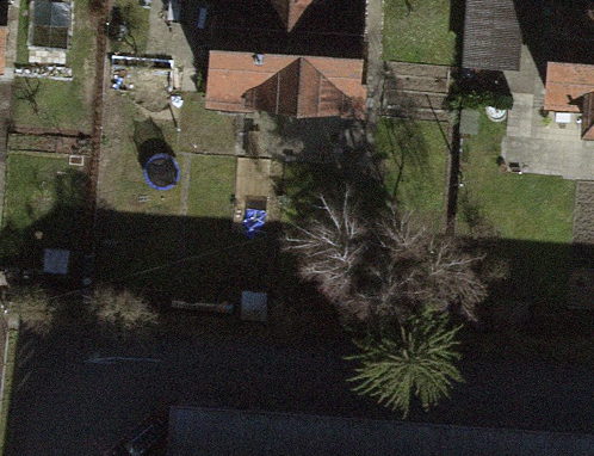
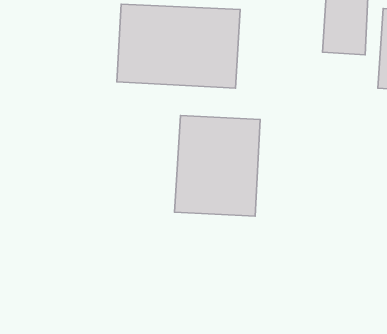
building: none -> [174,116,260,216]

